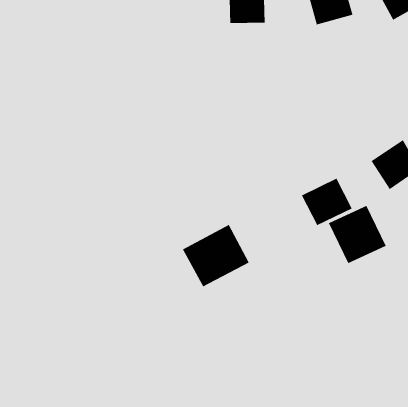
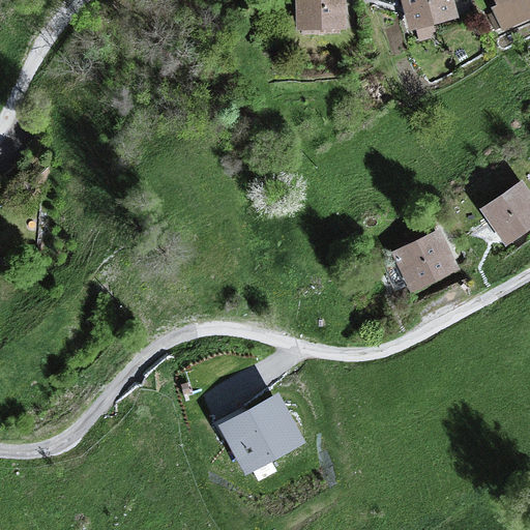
building: [328,205,387,264] -> none
building: [182,224,250,288] -> [218,391,306,474]

